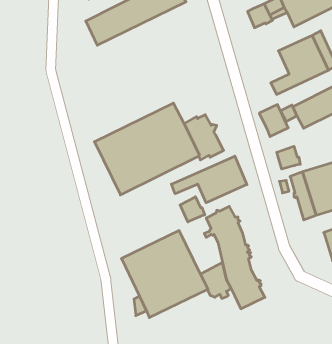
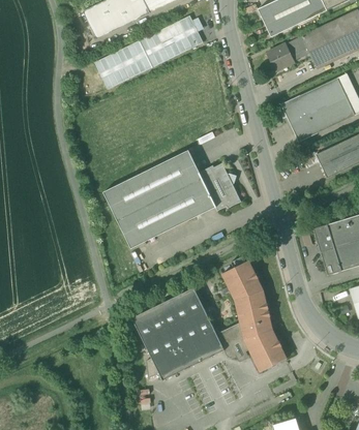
building: [259,105,288,137] -> [281,95,312,129]
building: [277,146,300,169] -> none
building: [171,156,247,203] -> none
building: [180,197,205,222] -> none

